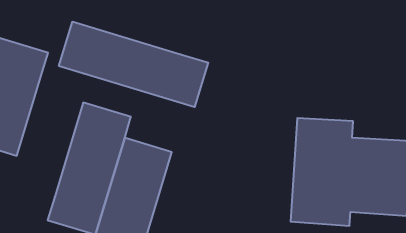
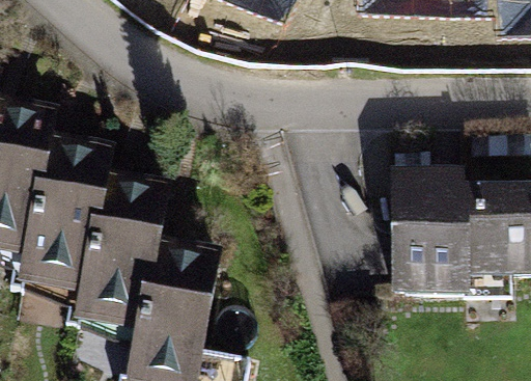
building: [59,22,208,107] -> none
building: none -> [24,139,117,295]

